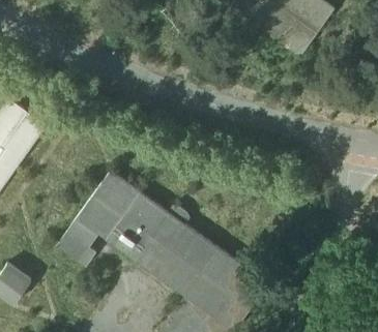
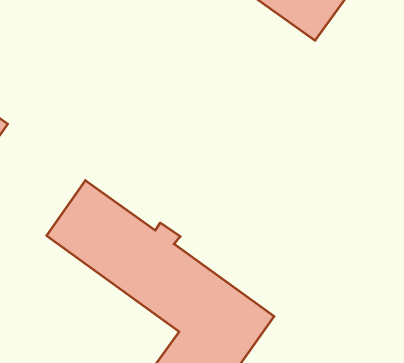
building: [56,232,96,267] -> none

